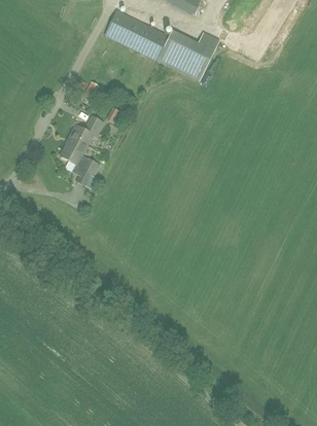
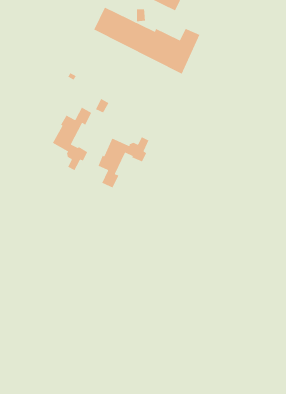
building: none -> [98,136,149,189]

